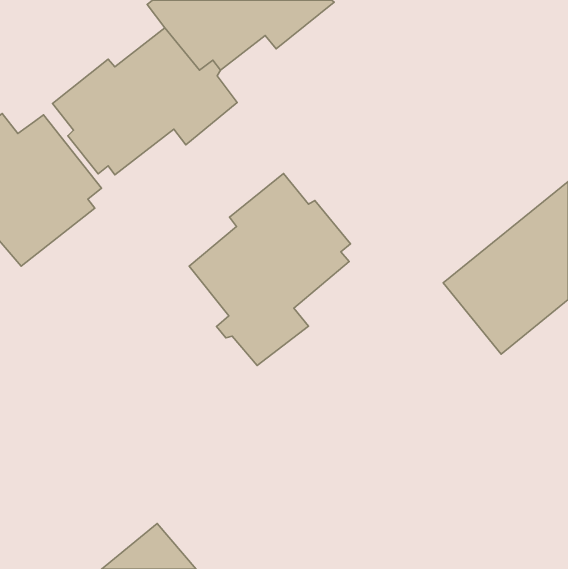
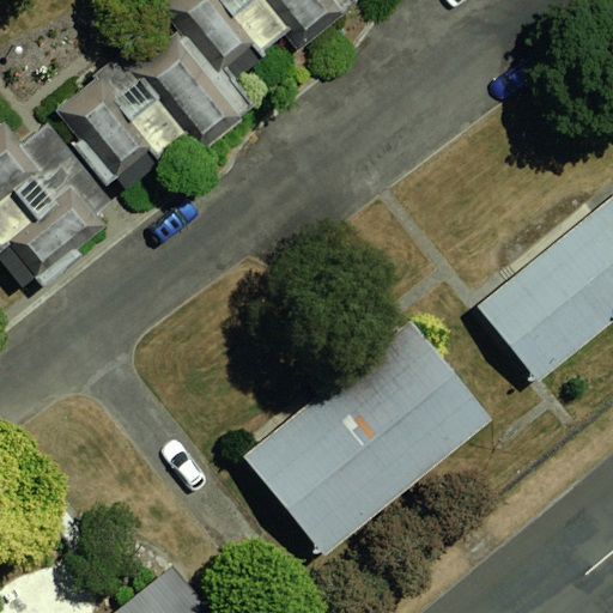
building: [189,174,350,366] -> none
building: none -> [244,321,491,554]

